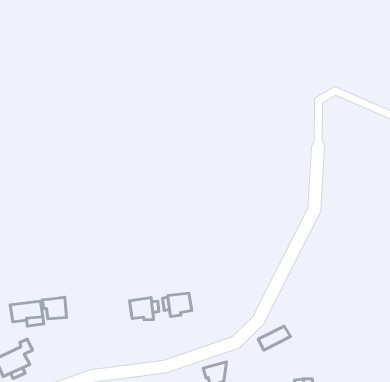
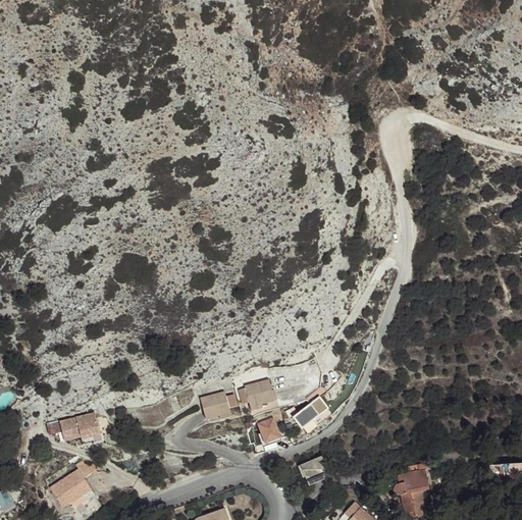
building: [42,297,67,319] -> none
building: none -> [256,416,281,445]
building: [258,326,291,350] -> [291,397,328,428]

